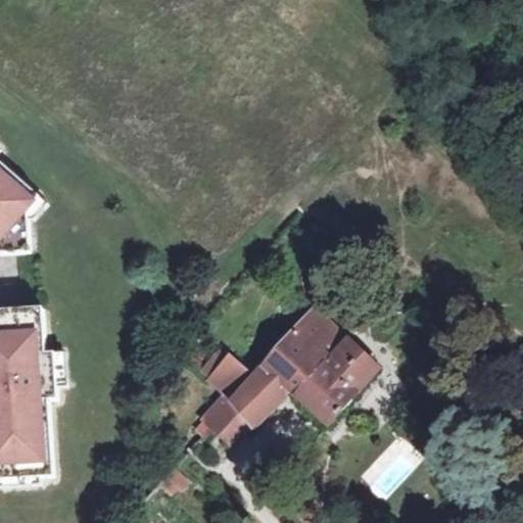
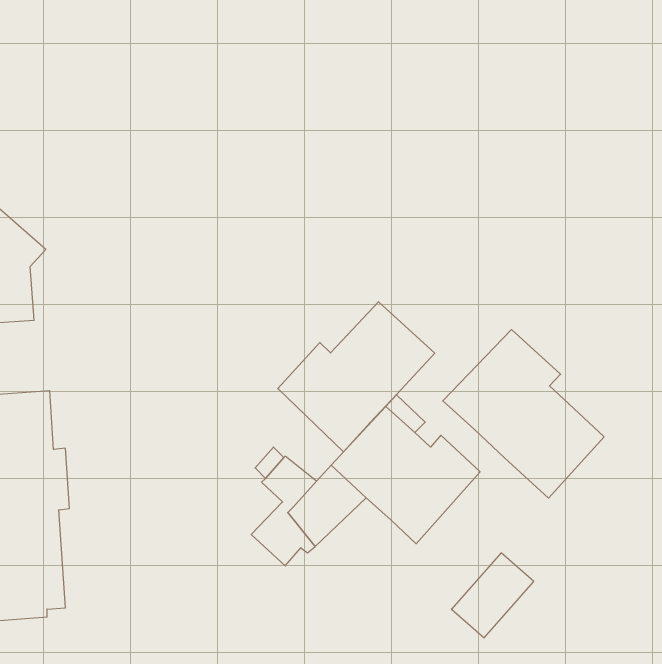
building: none -> [278,302,435,452]
building: none -> [443,330,604,498]

